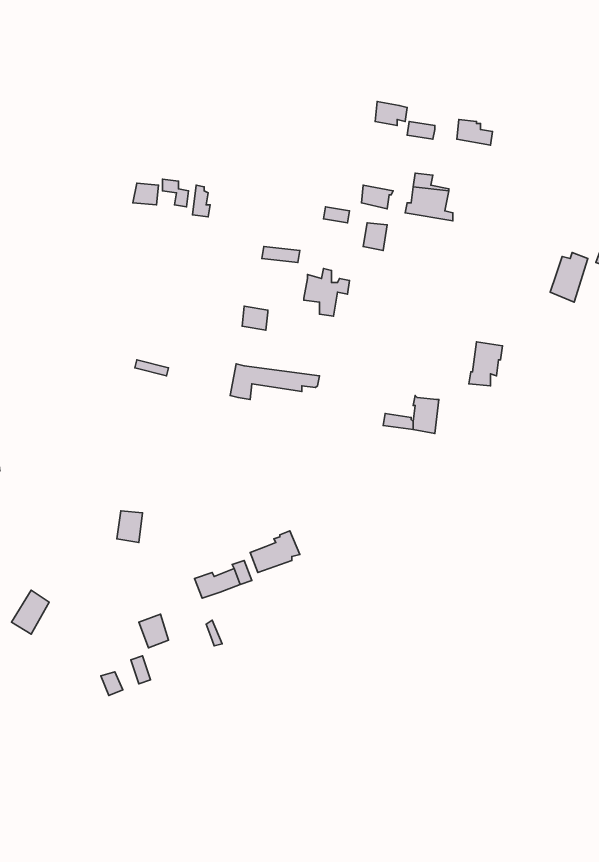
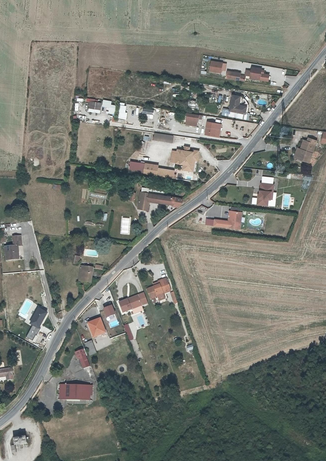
building: none -> [55,384,84,399]

